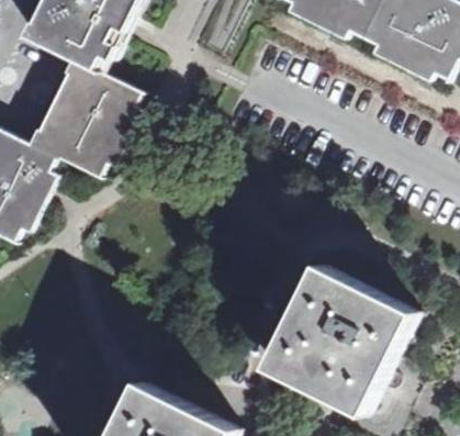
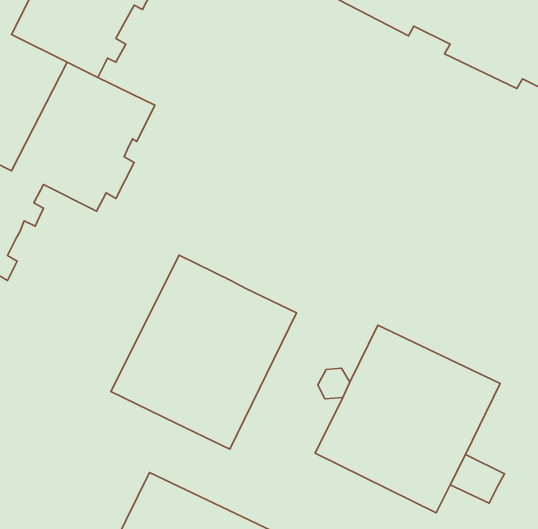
building: none -> [111,255,296,449]

